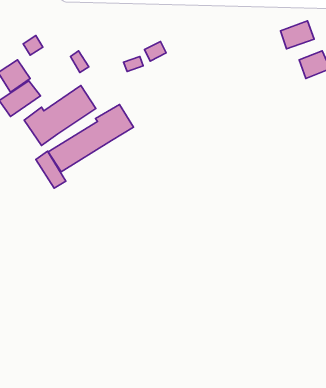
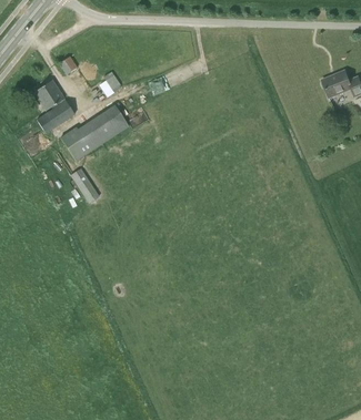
building: [281,21,314,49] -> none
building: [48,104,133,172] -> none

